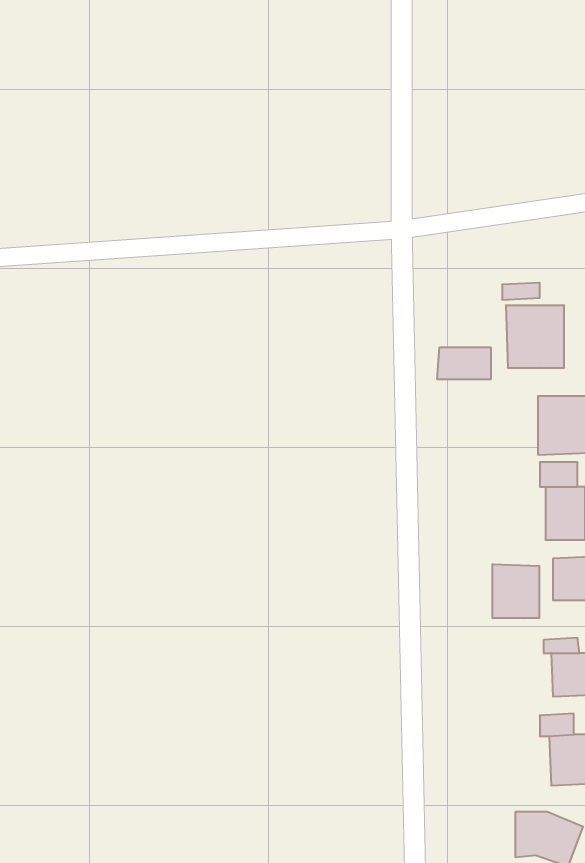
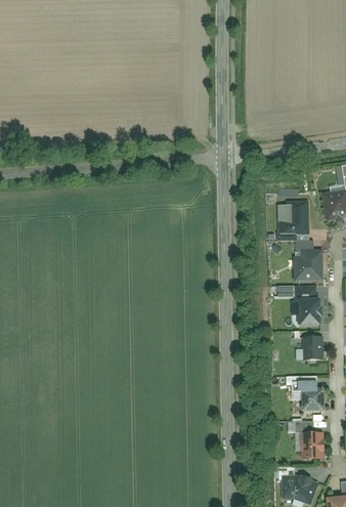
building: [437,347,491,379] -> none
building: [493,564,539,618] -> none

